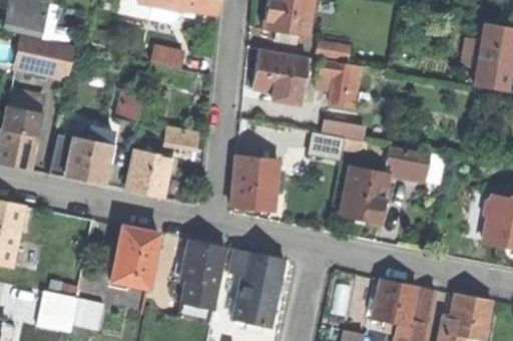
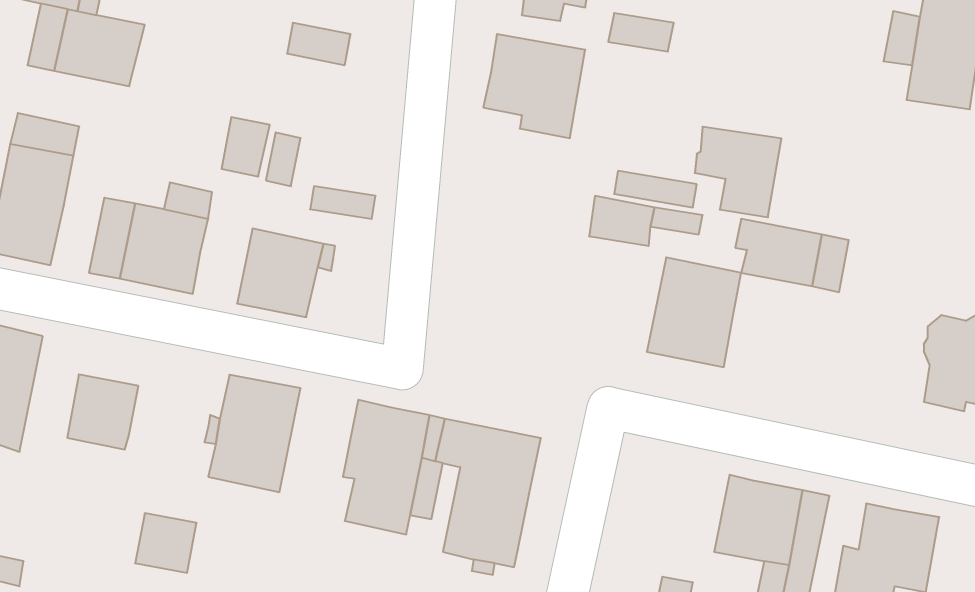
building: [317,58,362,105] -> [695,127,781,217]
building: [230,156,278,212] -> none
building: [36,291,73,330] -> [67,374,138,449]

